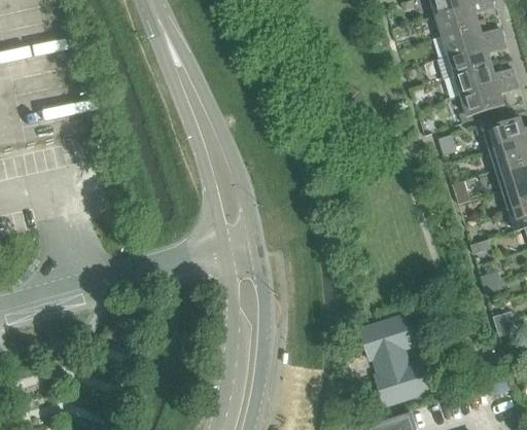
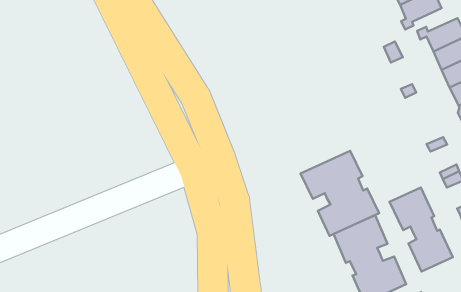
building: none -> [301,151,379,236]
building: none -> [390,188,453,271]

